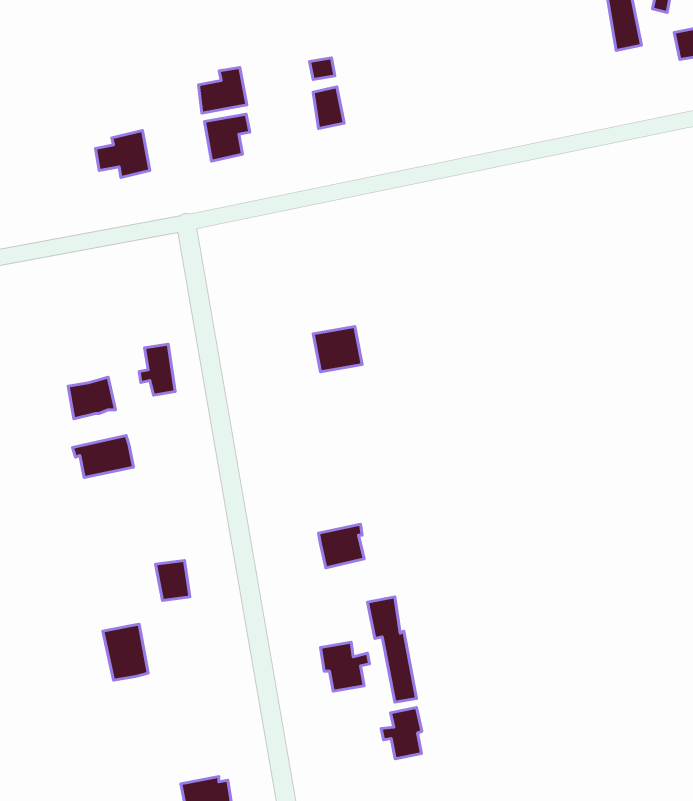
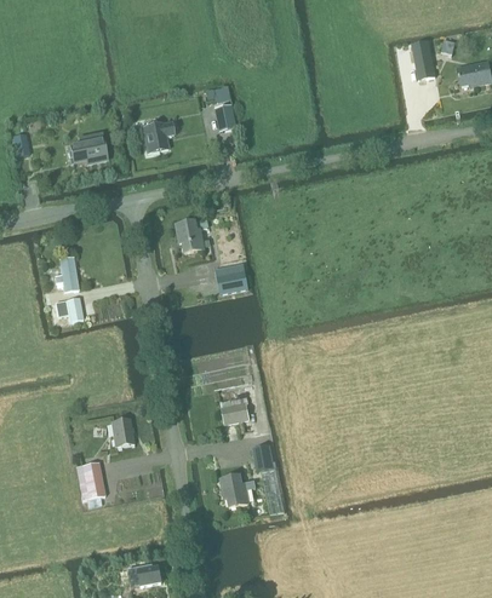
building: [199,67,247,113] -> none
building: none -> [176,218,207,252]
building: [139,344,175,395] -> [55,257,79,291]
building: [72,436,133,478] -> none
building: [381,707,422,759] -> none

